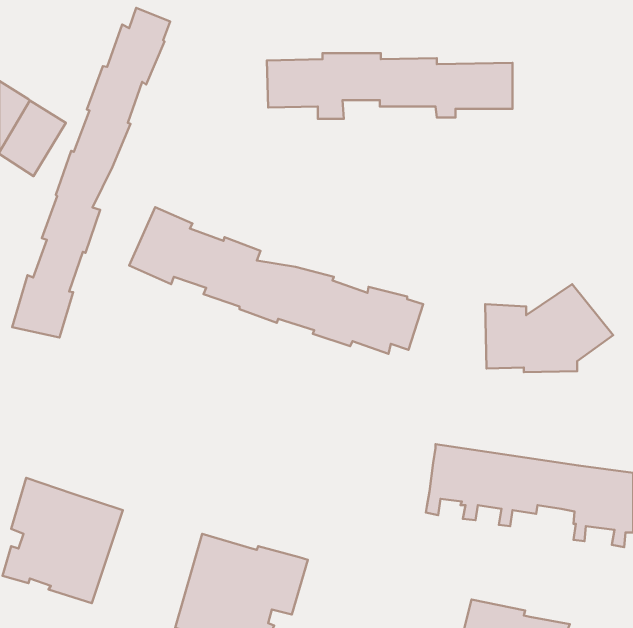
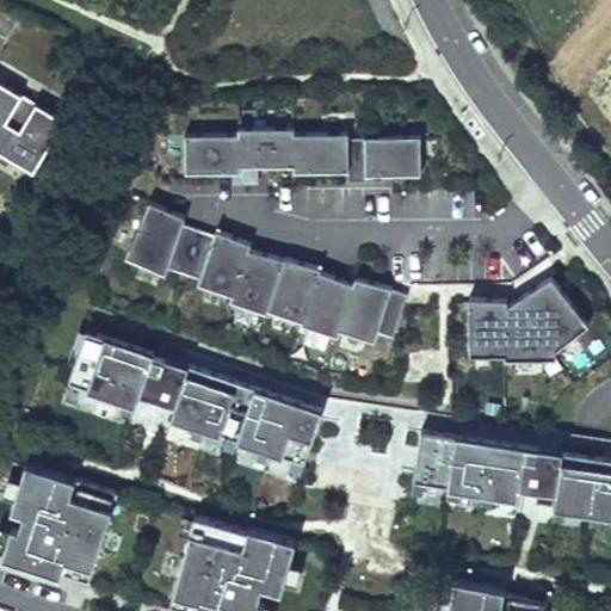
building: [12,8,170,338] -> none
building: [267,53,513,119] -> [184,124,420,187]
building: none -> [66,331,323,480]

